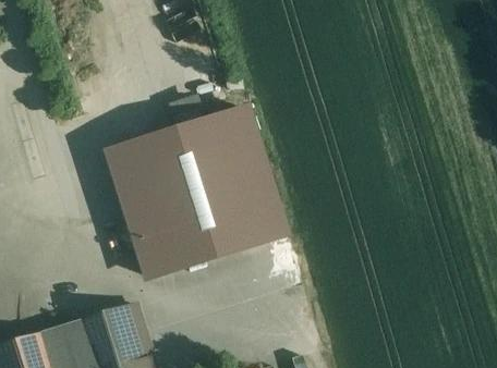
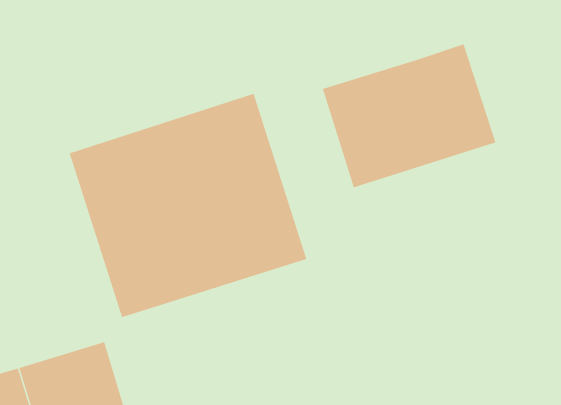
building: none -> [322,44,496,188]

